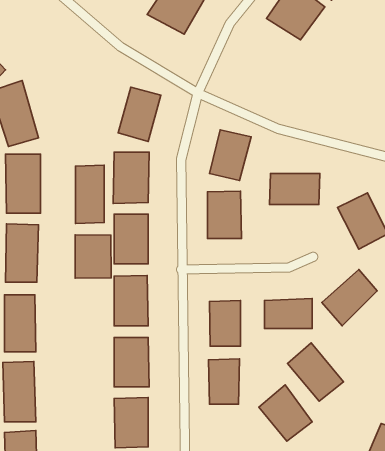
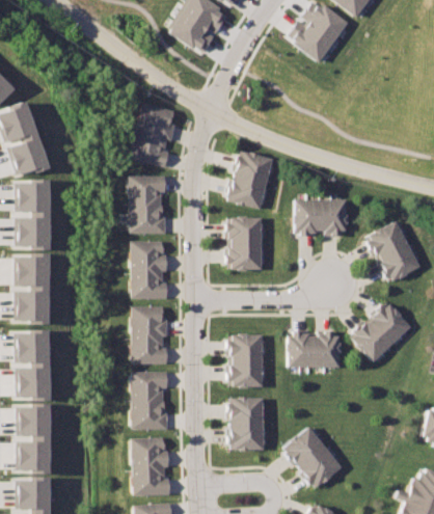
building: [75,165,104,223] -> none
building: [75,235,111,278] -> none
building: [287,343,343,401] -> none

